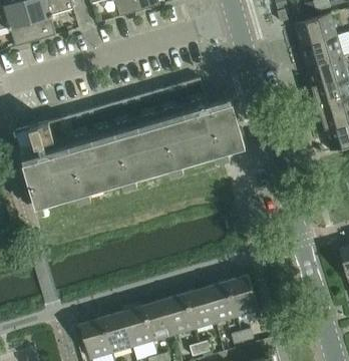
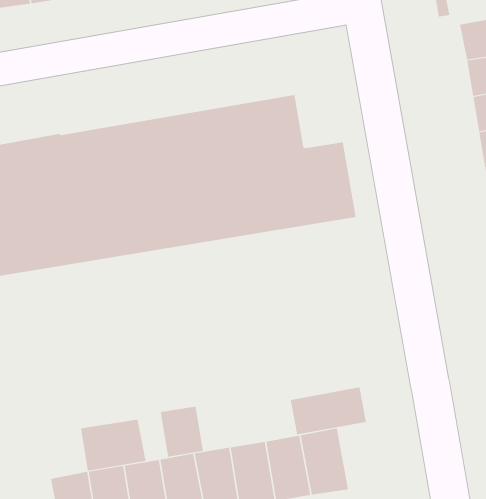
building: none -> [290,387,366,435]
building: none -> [160,406,203,458]
building: none -> [81,419,146,471]

